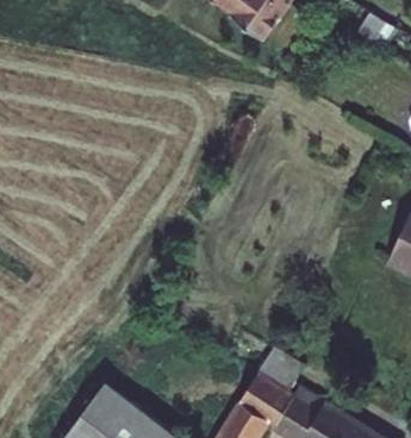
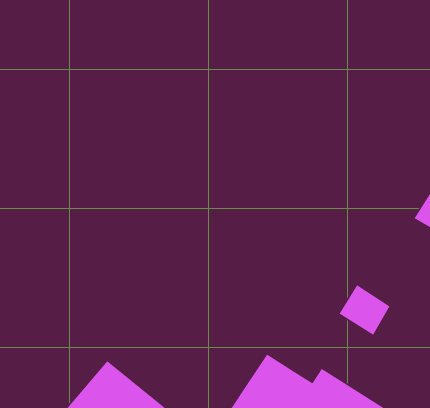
building: [253,340,300,388] -> [339,284,390,336]

